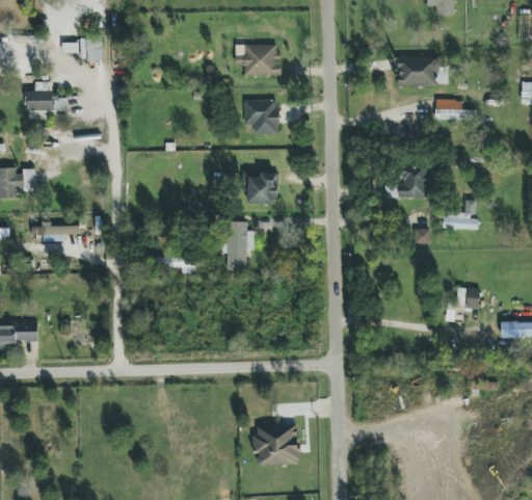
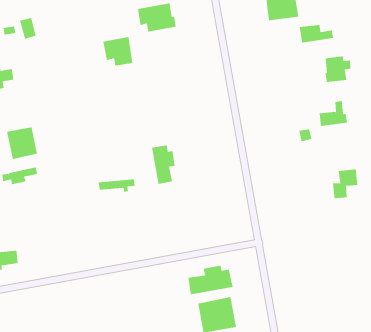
building: [243,99,277,133] -> [102,36,133,66]
building: [398,165,433,198] -> [325,56,351,83]
building: [245,172,277,204] -> none
building: none -> [7,127,38,160]
building: none -> [188,265,233,295]

